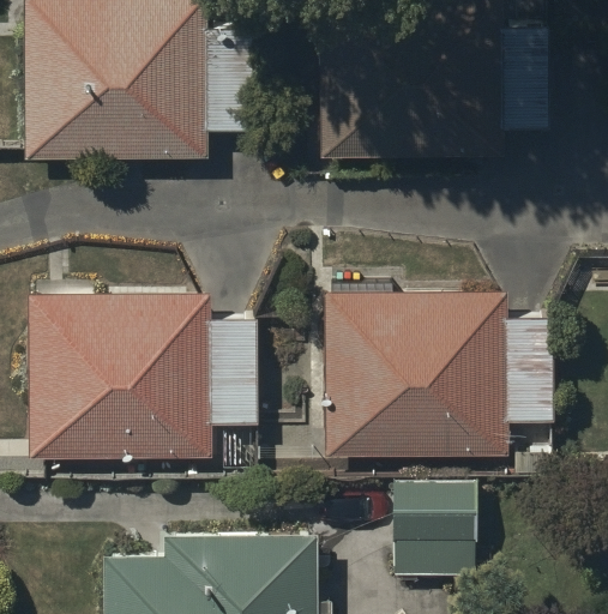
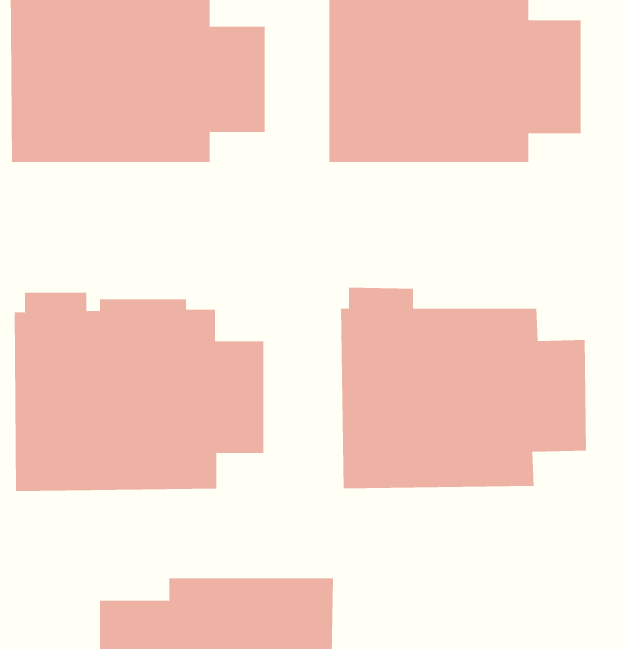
building: [390,477,480,576] -> none

